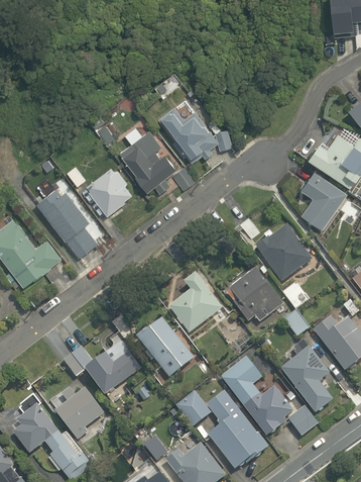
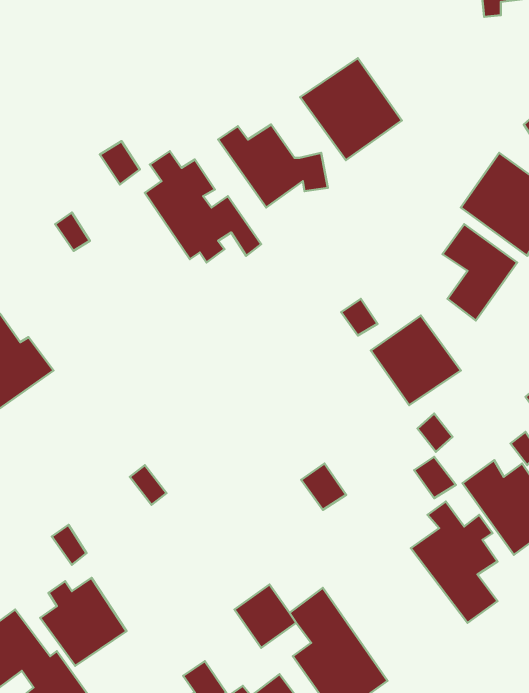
building: none -> [300,58,402,160]
building: [86,165,136,215] -> none
building: [37,186,97,257] -> none
building: [225,269,283,324] -> none
building: [168,272,222,332] -> none
building: [134,319,193,380] -> none
building: [86,350,139,399] -> none
building: [221,357,316,437] -> none

